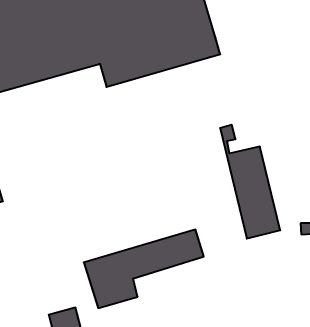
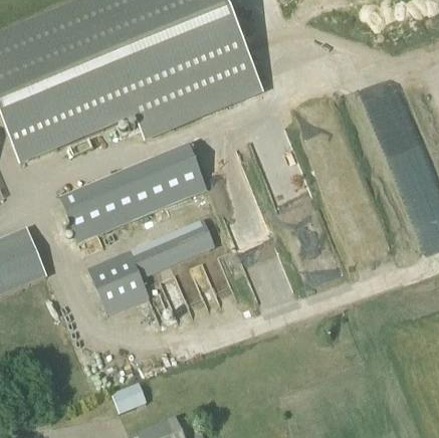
building: none -> [59,143,207,242]
building: [84,230,204,308] -> [86,217,215,313]

